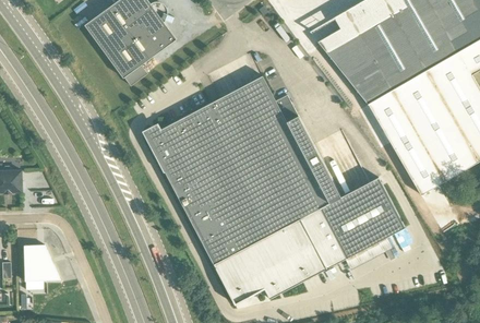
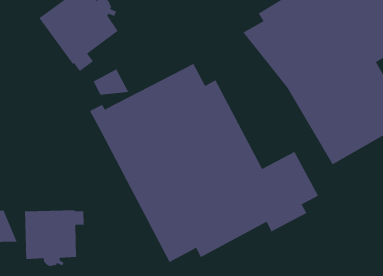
building: none -> [93,69,129,96]
building: none -> [24,209,84,267]

